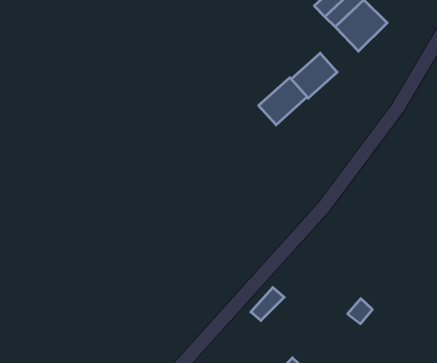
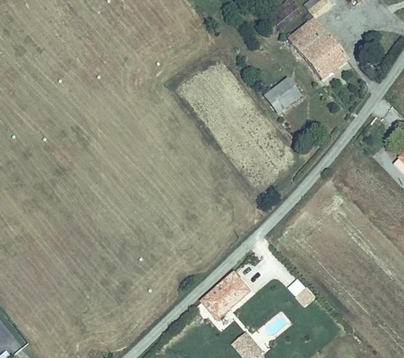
building: [259,78,307,125] -> none
building: none -> [203,280,252,318]

